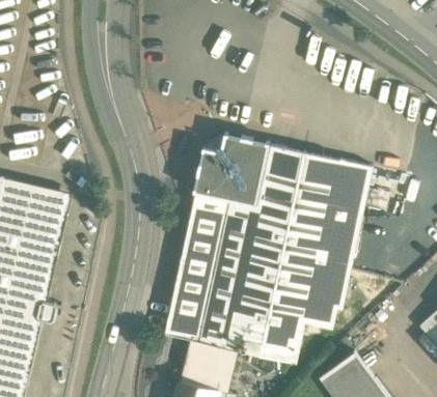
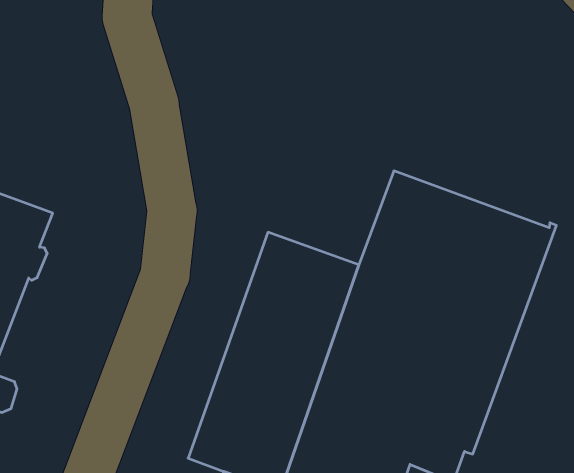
building: [193,133,269,204] -> none

